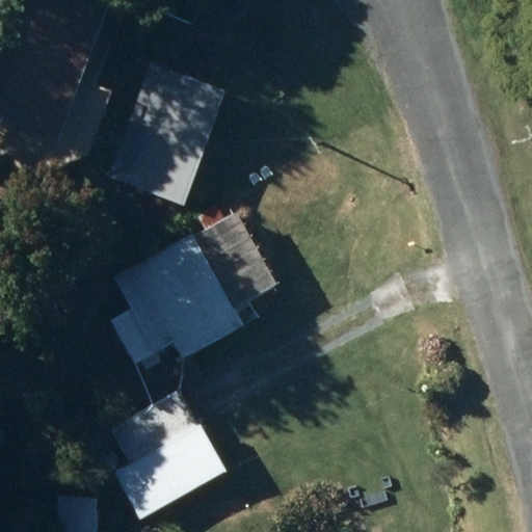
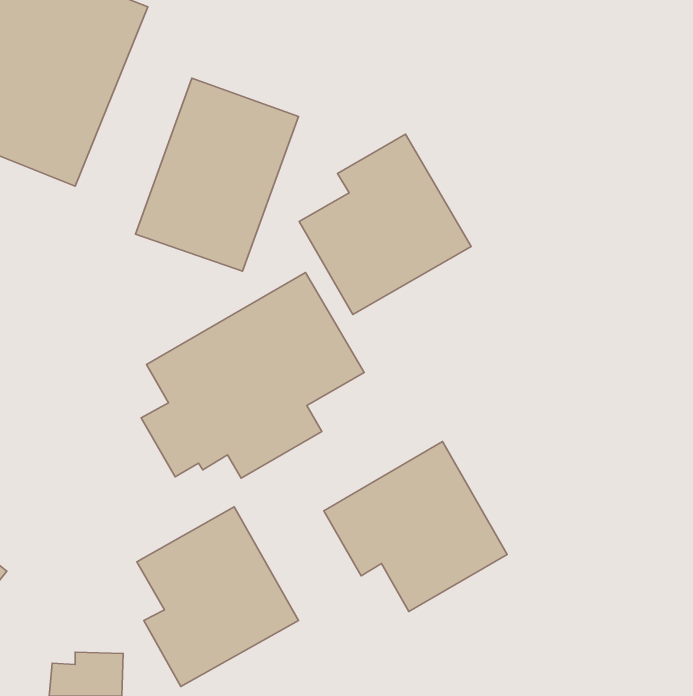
building: none -> [299,134,471,315]
building: none -> [324,442,507,611]

